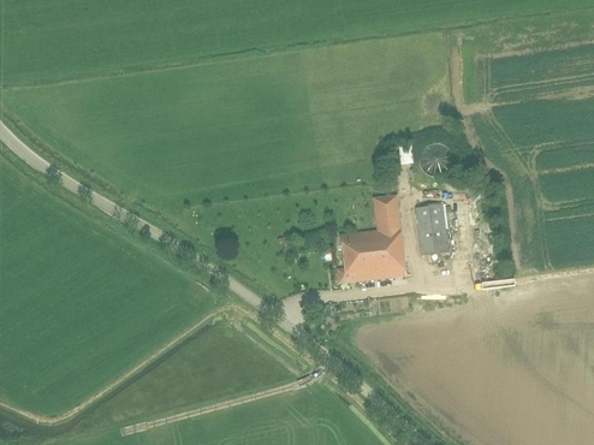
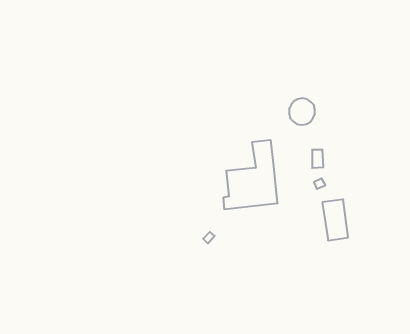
building: [415,202,447,254] -> [322,199,348,240]

